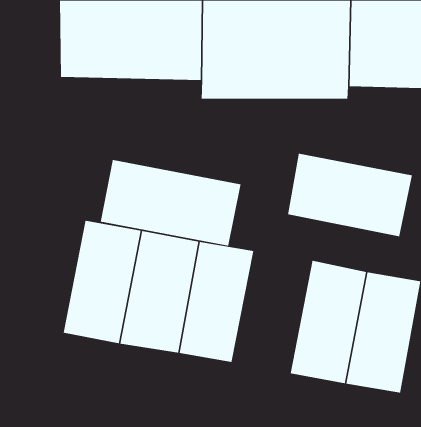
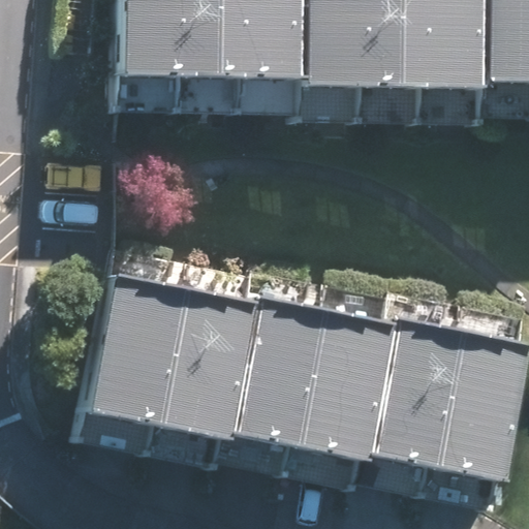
building: [288,153,412,237] -> none
building: [100,159,241,246] -> none
building: none -> [298,313,395,463]

